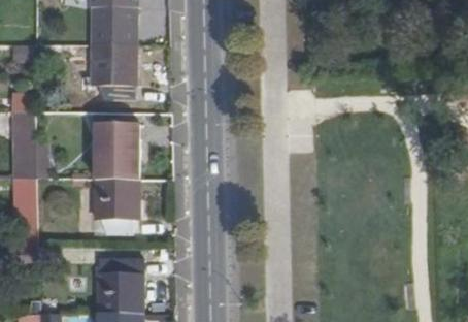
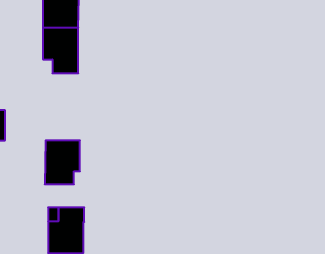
building: [96,126,139,180] -> none

